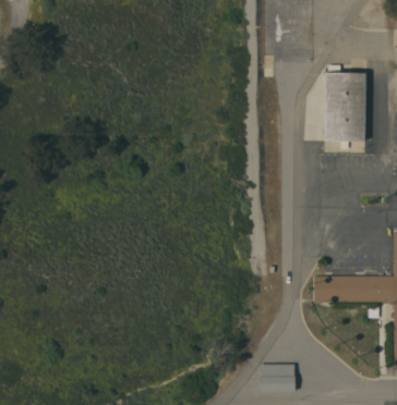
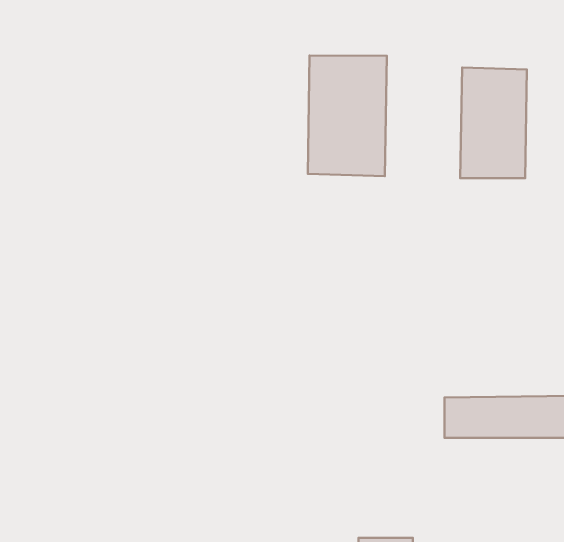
building: none -> [308,55,387,176]

